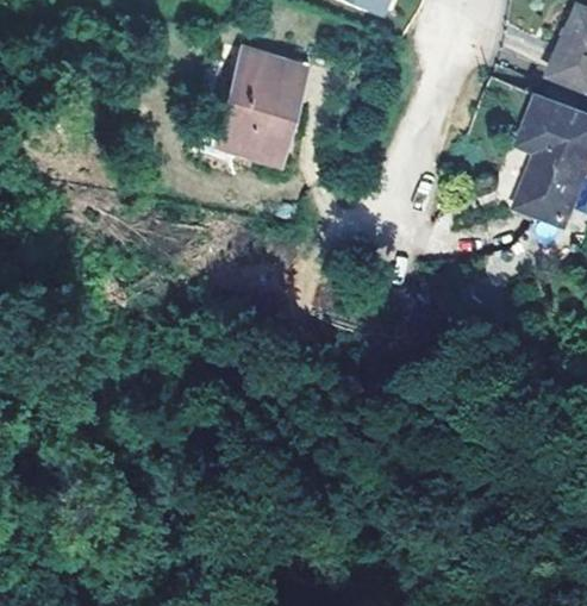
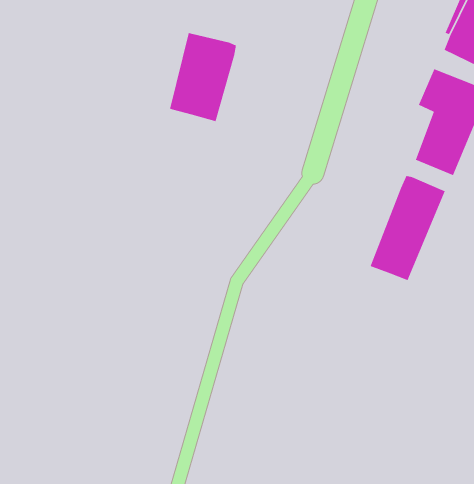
building: [244,55,312,170] -> none
building: none -> [370,175,446,281]

